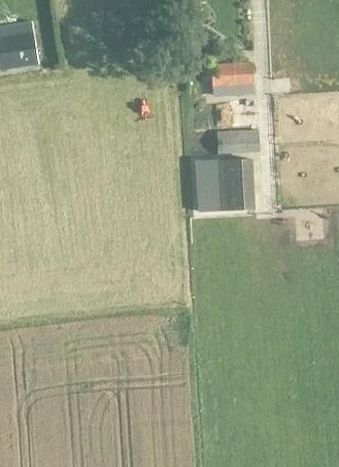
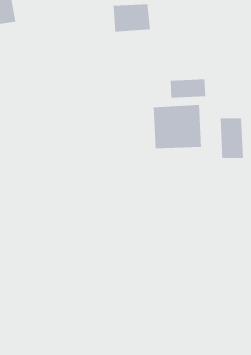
building: [210,61,255,94] -> [113,4,151,32]
building: none -> [220,117,243,159]

